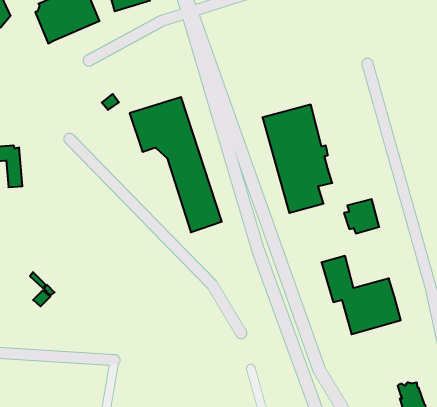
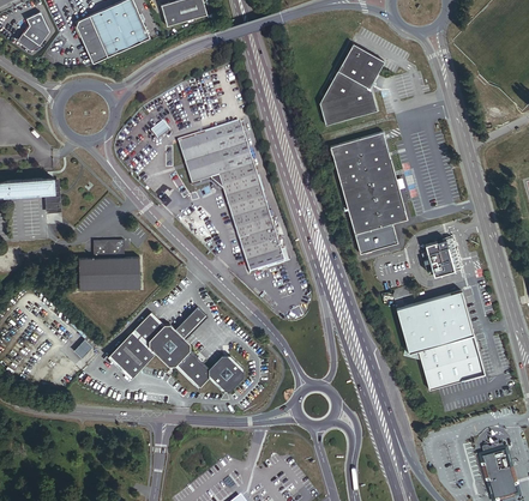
building: none -> [319,43,384,125]
building: none -> [78,240,138,289]
building: none -> [422,290,471,337]
building: none -> [107,306,244,392]

